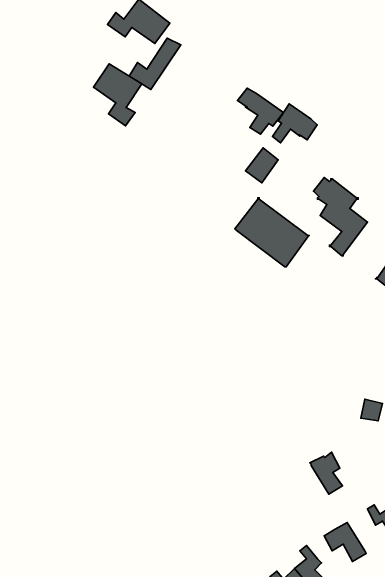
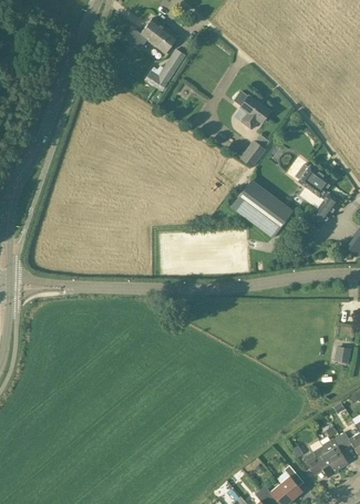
building: [93,64,142,126] -> none
building: [273,104,317,143] -> none
building: [310,452,342,494] -> [321,435,348,470]

